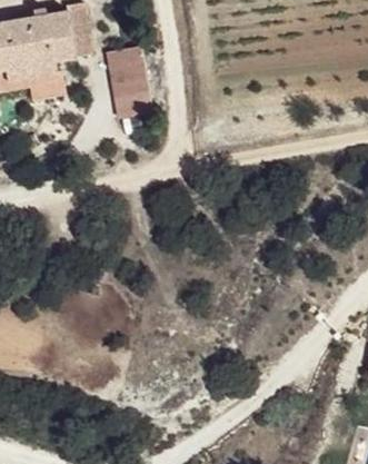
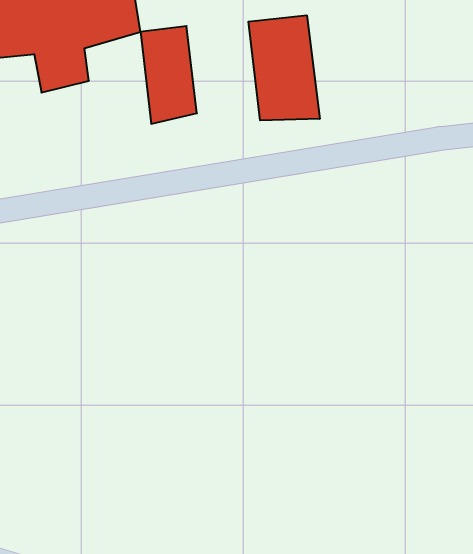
building: none -> [248,15,320,120]

